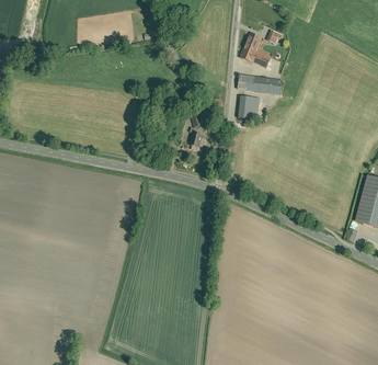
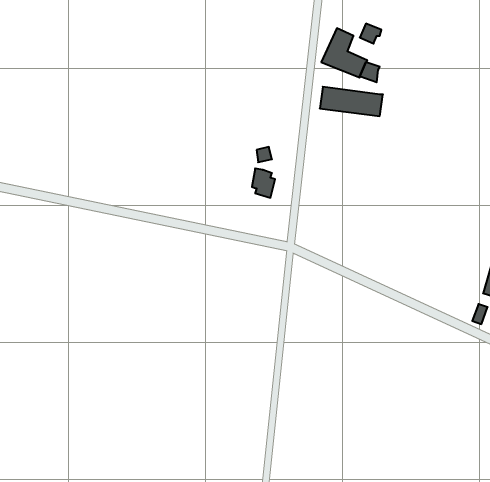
building: [239,95,261,121] -> none

